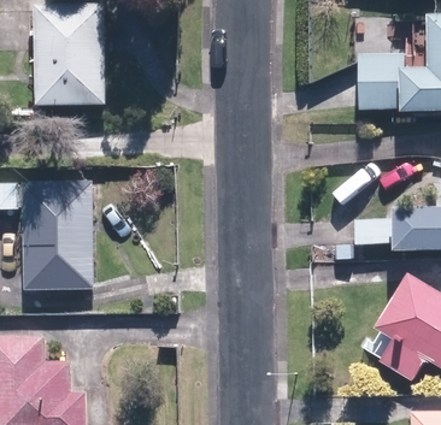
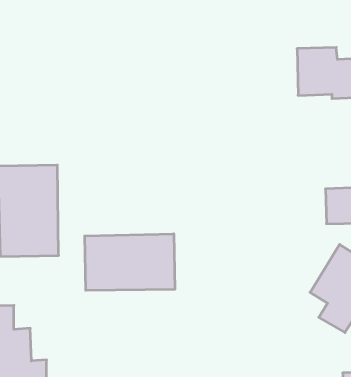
building: [36,7,104,104] -> none
building: none -> [85,234,175,290]

